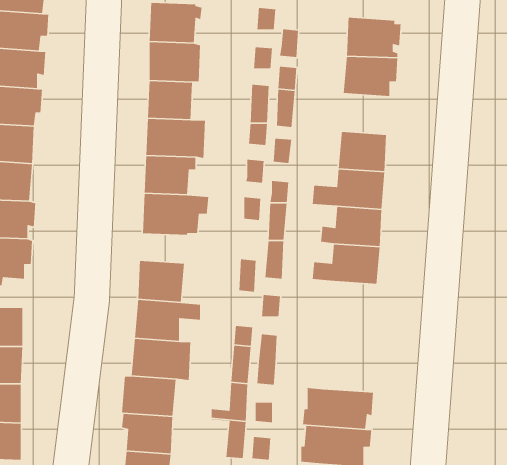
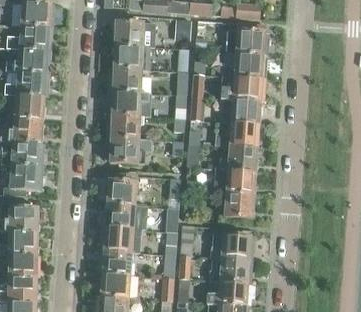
building: none -> [220,75,265,101]
building: none -> [224,191,254,217]
building: none -> [210,232,254,259]

